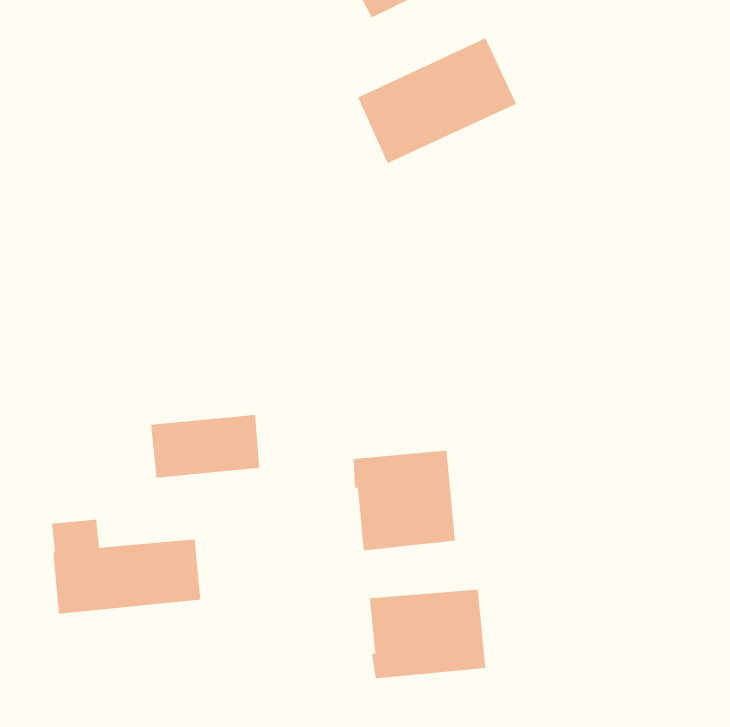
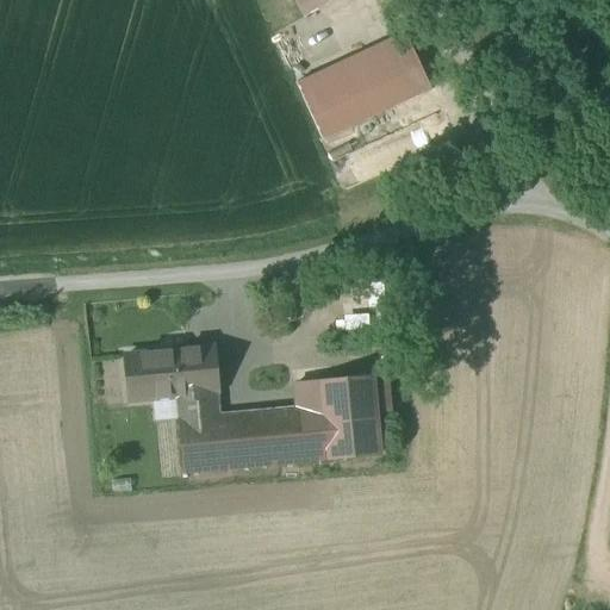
building: [51,519,201,614] -> [178,391,303,471]
building: [369,589,486,679] -> none

